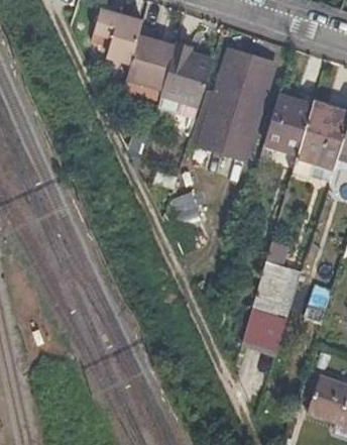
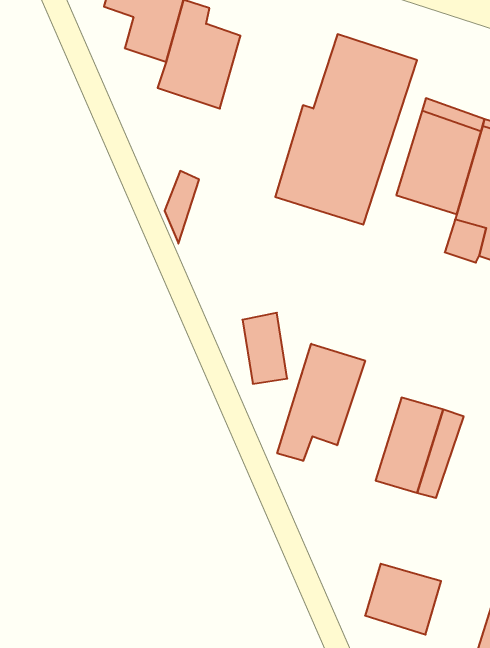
building: [156,41,212,117] -> none
building: none -> [277,344,365,461]
building: [242,308,286,349] -> [365,564,441,635]

